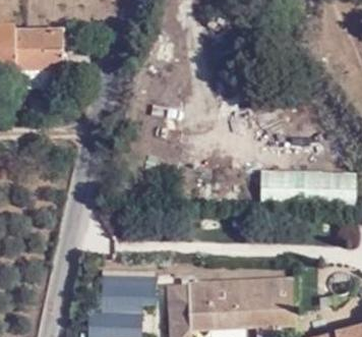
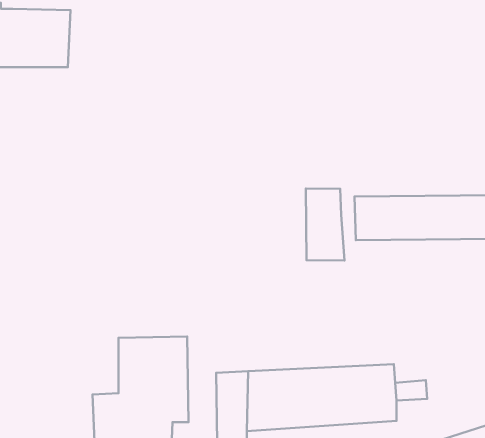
building: none -> [306,188,345,261]

